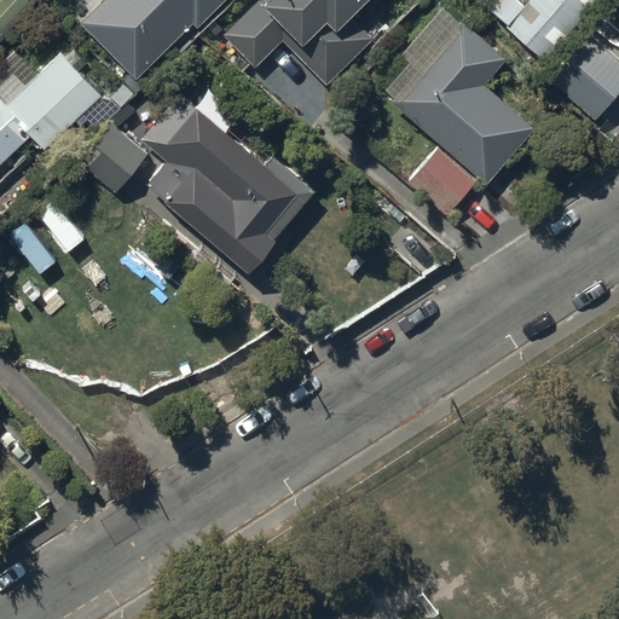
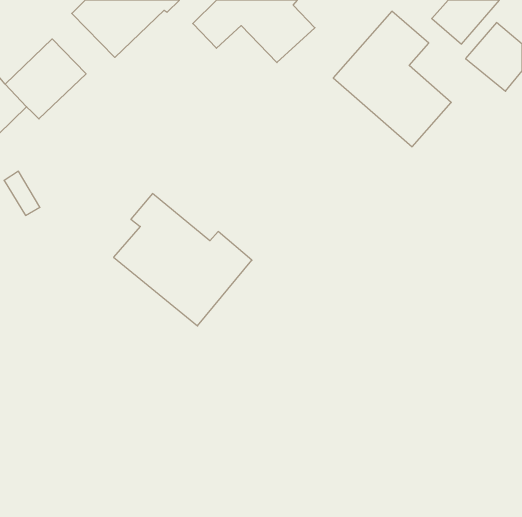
building: [150,111,313,267] -> [114,194,252,326]
building: [82,127,147,192] -> none
building: [411,152,475,215] -> none

